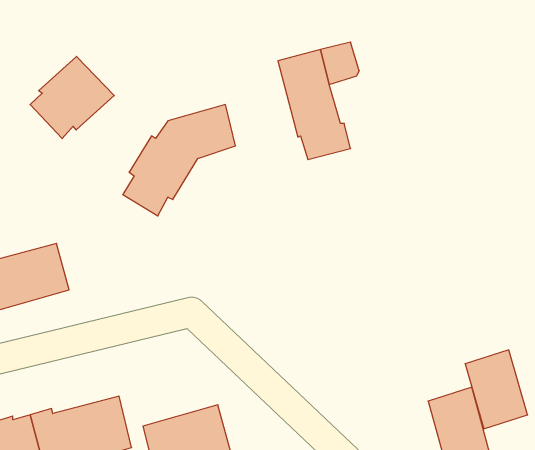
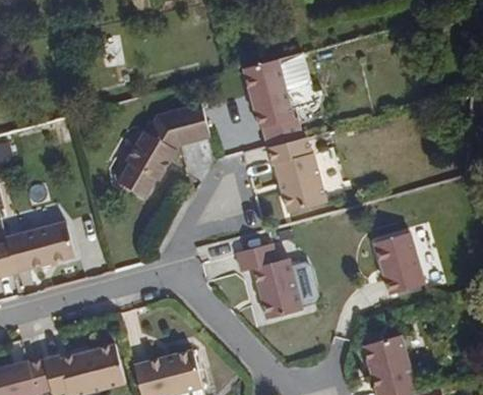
building: [30,56,114,139] -> none
building: none -> [267,139,325,215]
building: none -> [237,243,304,322]
building: [465,350,528,429] -> [376,232,427,296]

